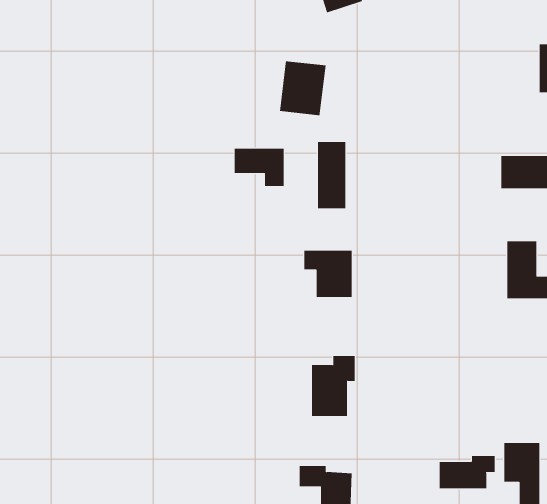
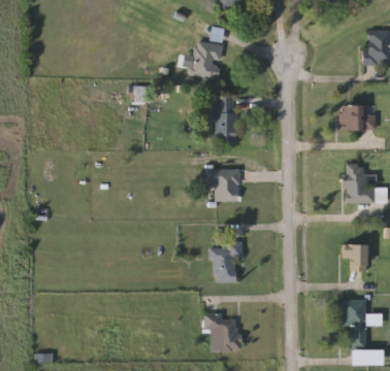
building: [234,148,284,187] -> none
building: none -> [342,244,365,270]
building: [439,455,495,489] -> none

